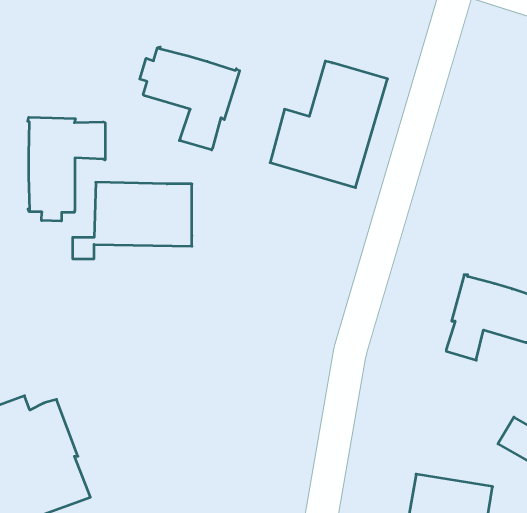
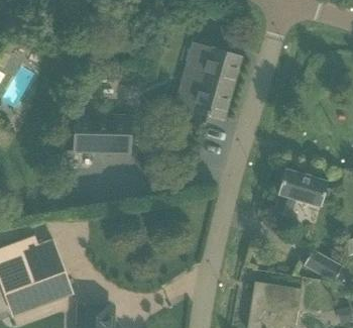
building: [140,47,240,150] -> none
building: [28,117,105,221] -> none

